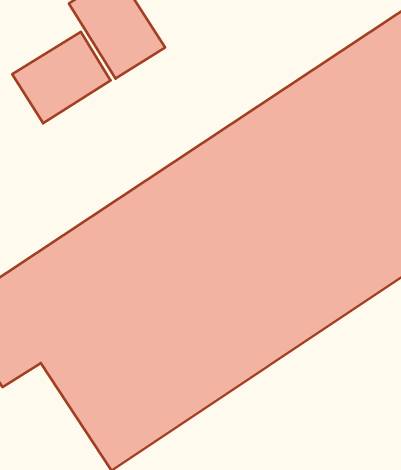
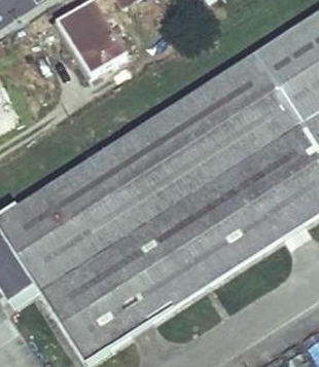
building: [12,32,111,123] -> none

